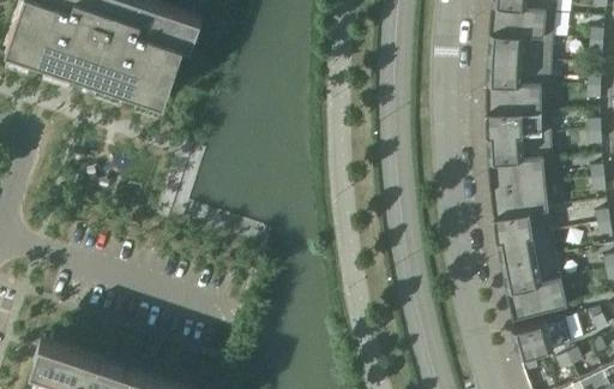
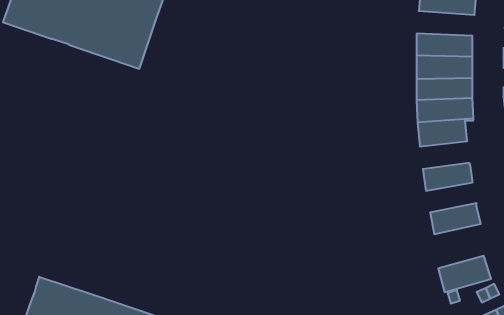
building: [488,34,555,62] -> none
building: [492,185,549,217] -> none
building: [499,233,558,268] -> none
building: [508,281,568,321] -> none

